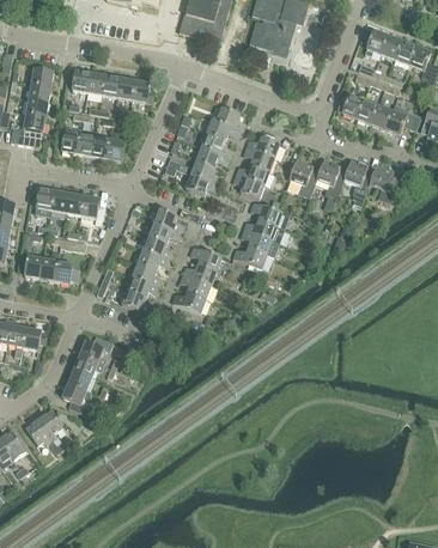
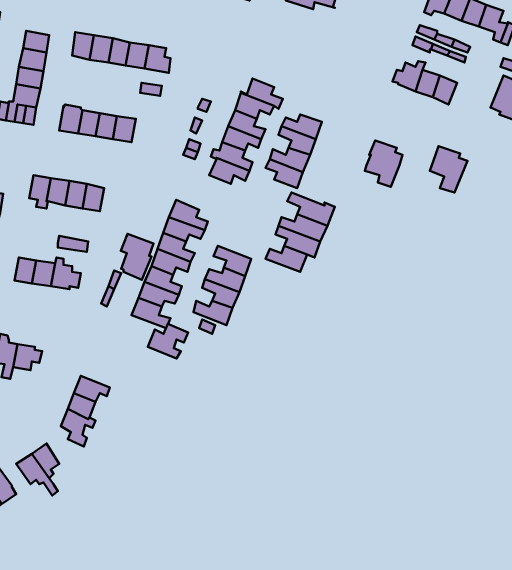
building: [384,103,420,133] -> none
building: [288,157,320,196] -> none
building: [343,158,373,207] -> none
building: none -> [121,234,154,280]
building: [79,334,112,363] -> [148,324,188,358]

